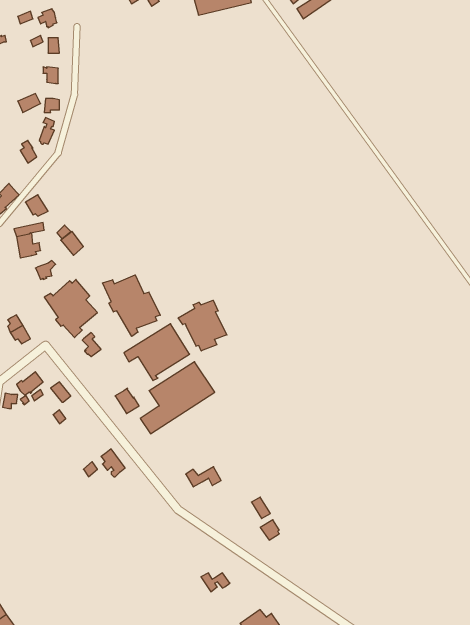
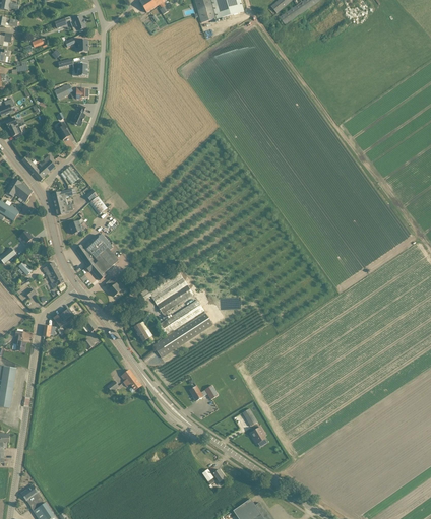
building: [103,275,160,336] -> none
building: [178,300,227,351] -> none

